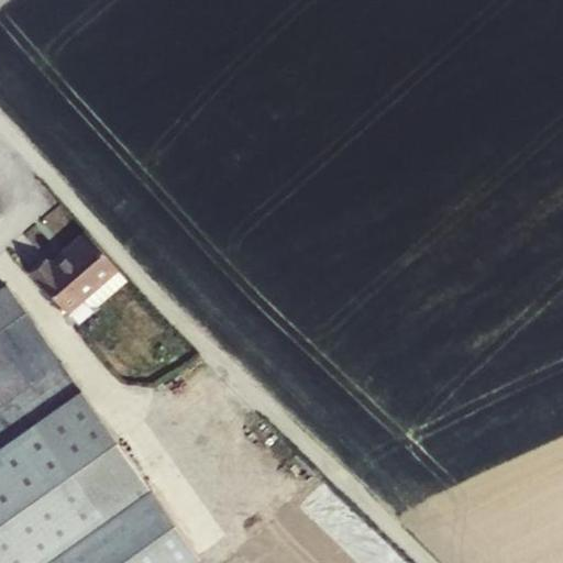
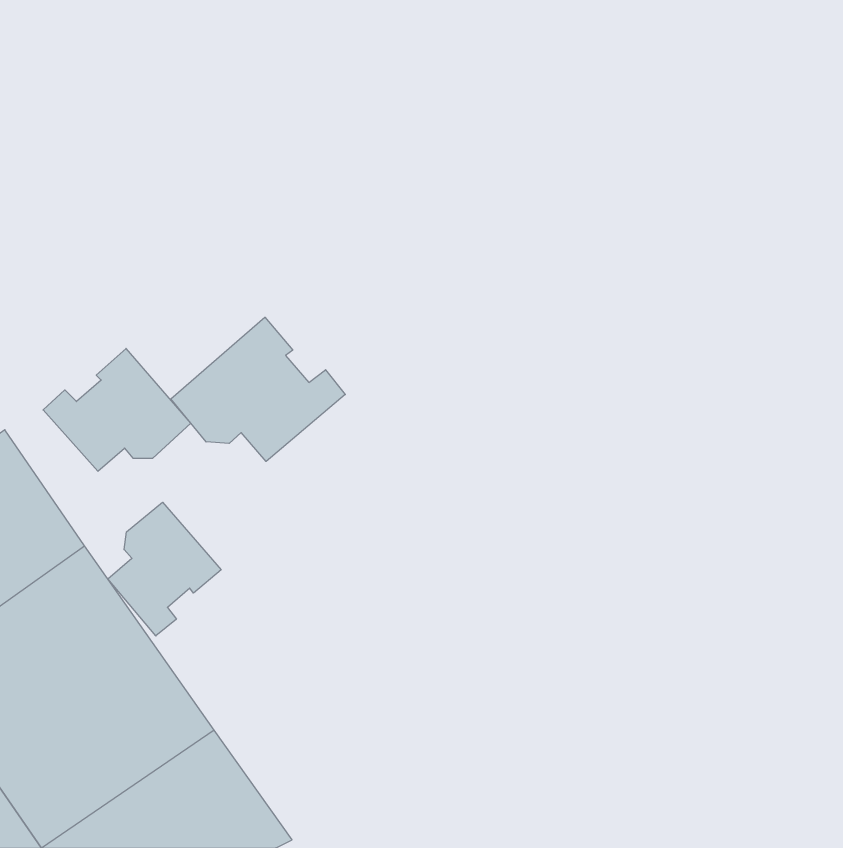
building: none -> [171,317,345,461]
building: none -> [108,502,221,636]

